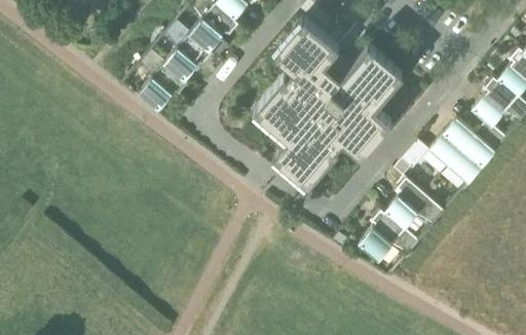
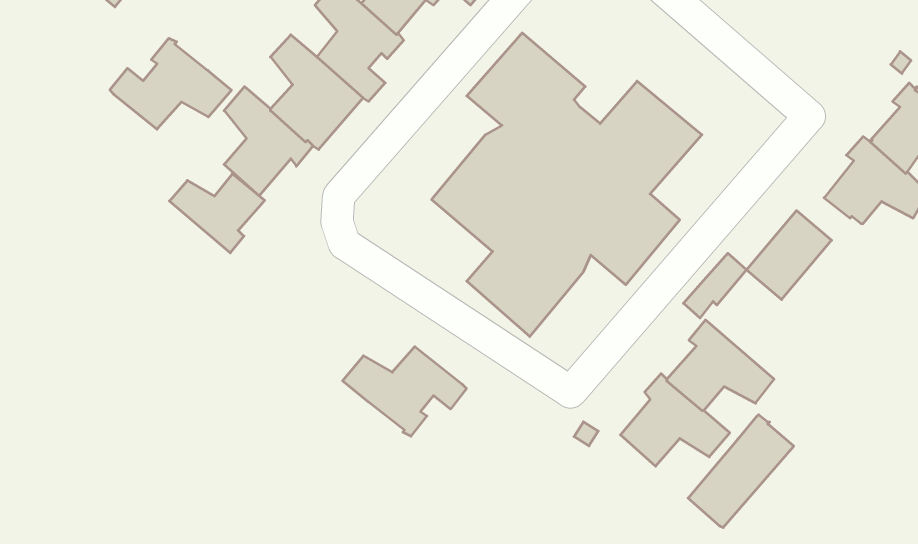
building: none -> [110,38,231,129]
building: none -> [169,174,265,253]
building: [447,121,505,184] -> [688,415,794,528]
building: none -> [343,347,466,436]

